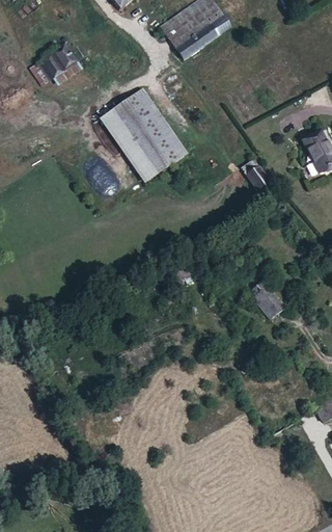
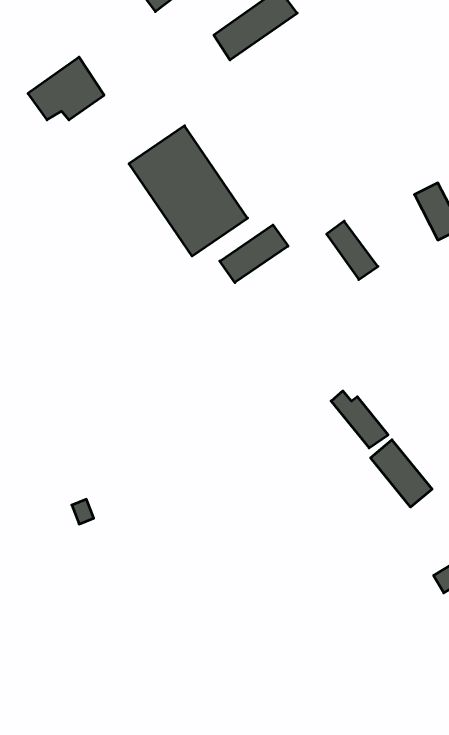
building: [172,9,230,59] -> none
building: none -> [220,225,288,283]
building: none -> [371,440,432,507]

